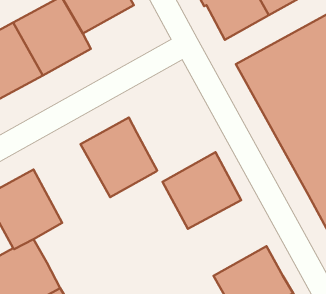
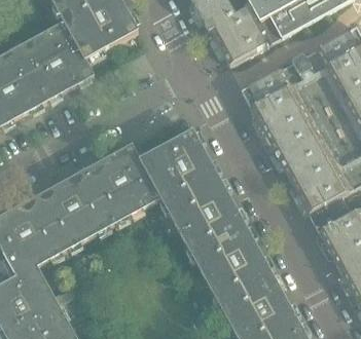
building: none -> [141,128,220,206]
building: none -> [37,168,114,248]
building: none -> [192,225,272,301]

